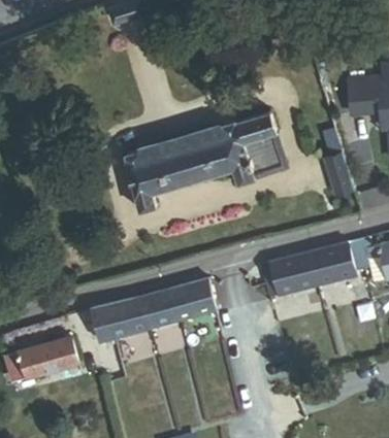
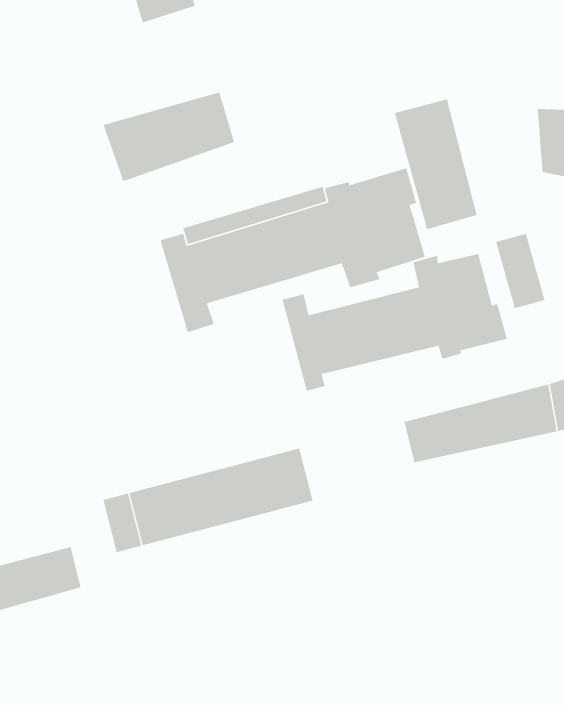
building: none -> [103,91,235,182]
building: none -> [394,98,477,230]
building: none -> [282,253,508,392]

